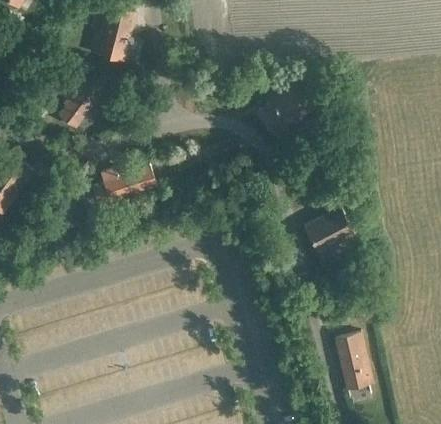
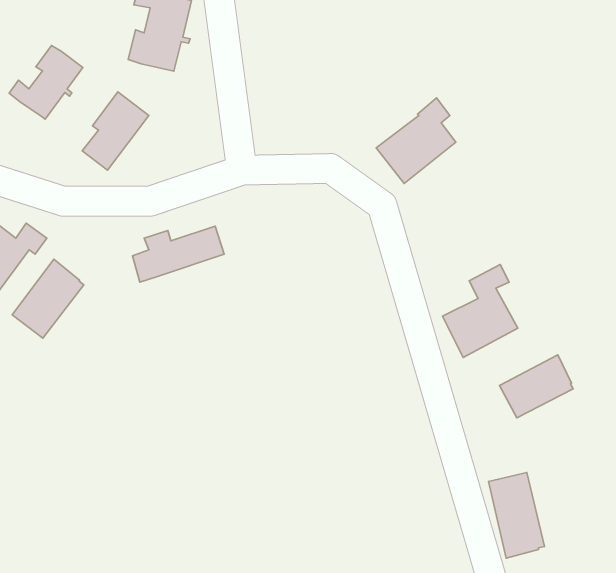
building: none -> [9,45,83,119]
building: none -> [12,259,84,338]
building: none -> [500,355,573,418]

